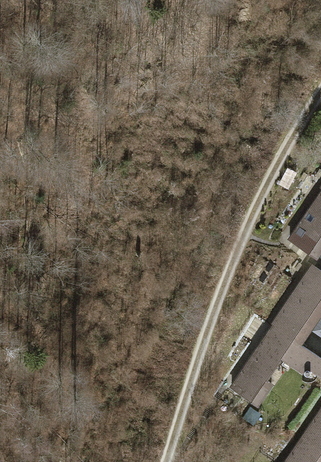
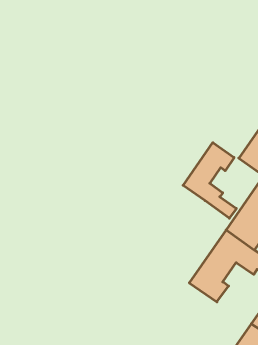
building: none -> [183,143,236,218]

